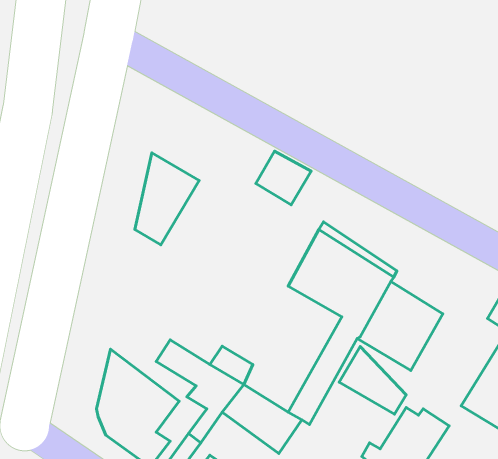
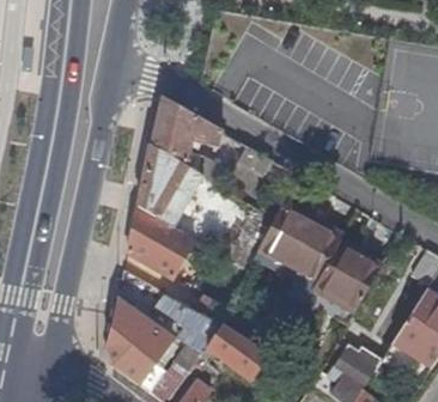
building: none -> [150,96,224,172]
building: none -> [127,206,201,279]
building: [339,347,406,414] -> none

